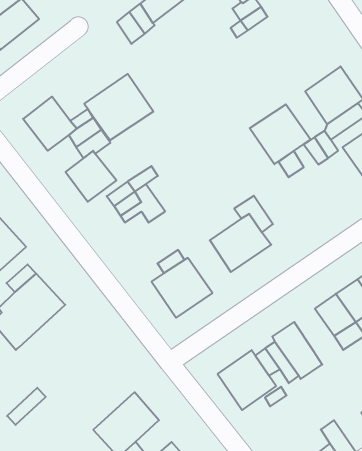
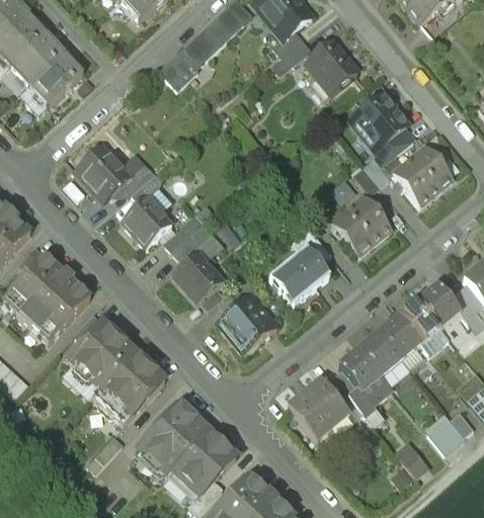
building: none -> [307,38,358,88]
building: [84,74,153,140] -> none
building: [250,104,310,164] -> [332,193,393,253]
building: none -> [175,251,225,301]
building: none -> [93,349,166,423]
building: none -> [361,331,402,372]
building: none -> [138,401,211,473]

